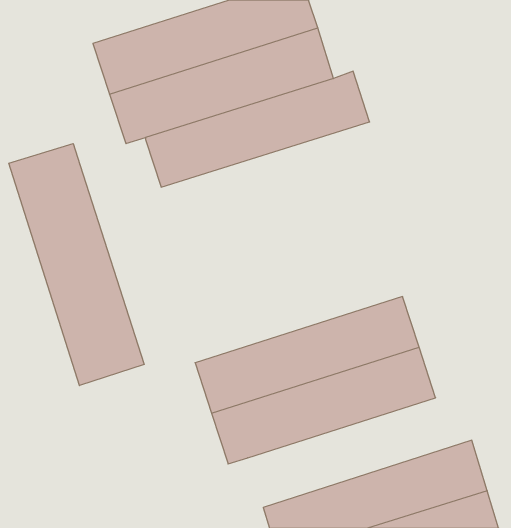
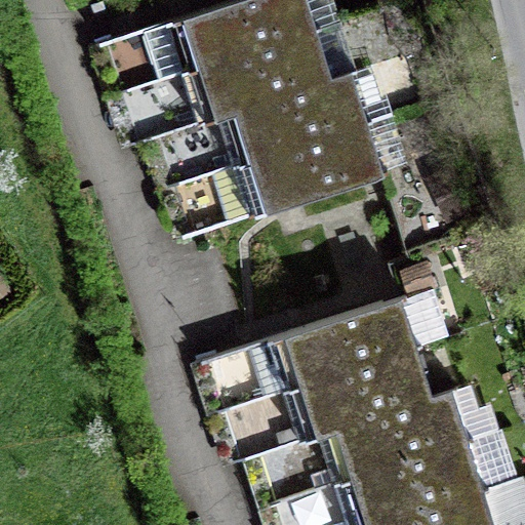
building: none -> [176,121,399,236]
building: [9,144,144,386] -> none
building: none -> [262,389,485,503]

